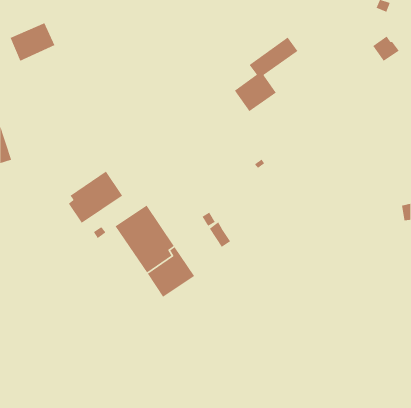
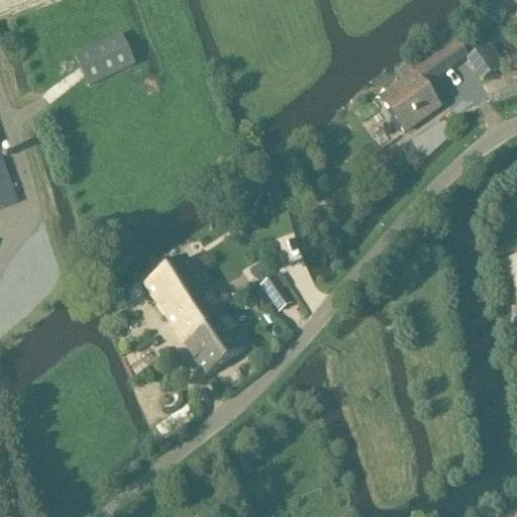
building: [9,22,55,62] -> [75,33,132,83]
building: [234,37,298,112] -> [383,35,463,130]
building: [68,171,123,224] -> none

